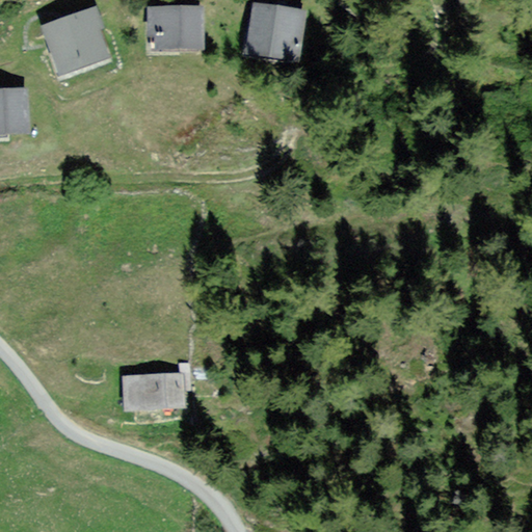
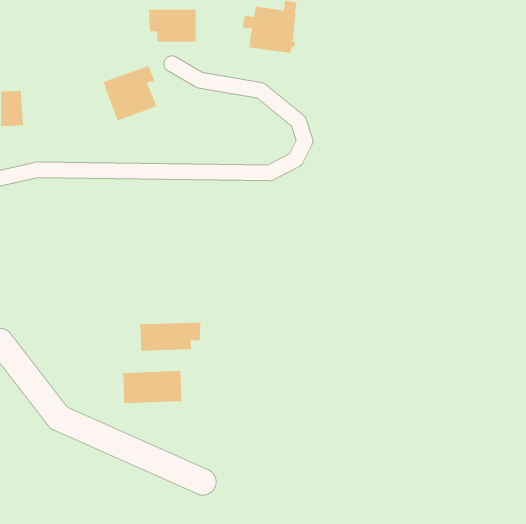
building: [47,10,102,66] -> [103,65,157,121]
building: none -> [140,322,201,352]

